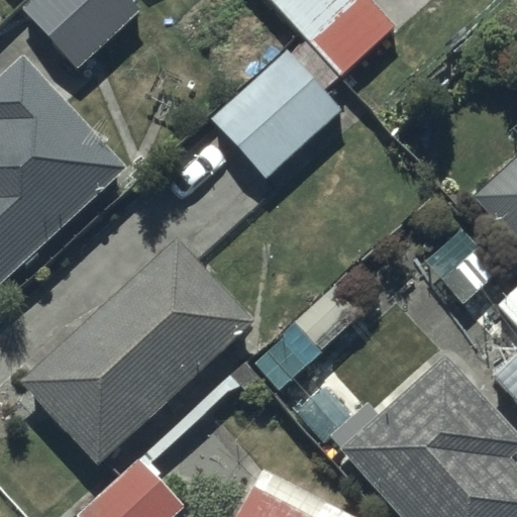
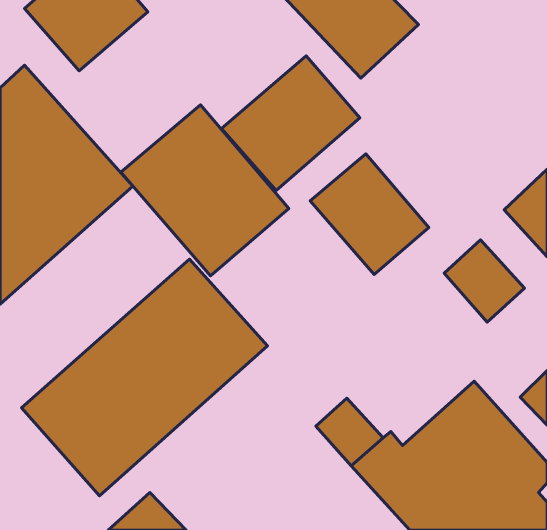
building: none -> [121,105,289,276]
building: none -> [310,154,429,275]

